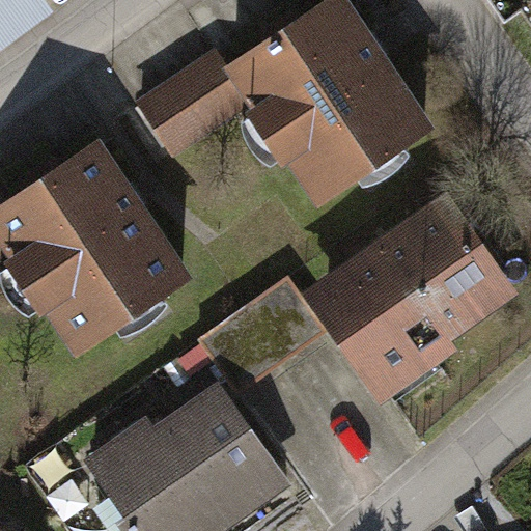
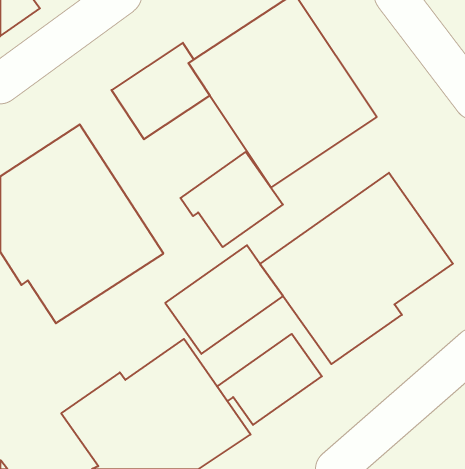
building: none -> [180,152,283,247]
building: none -> [217,334,322,425]

